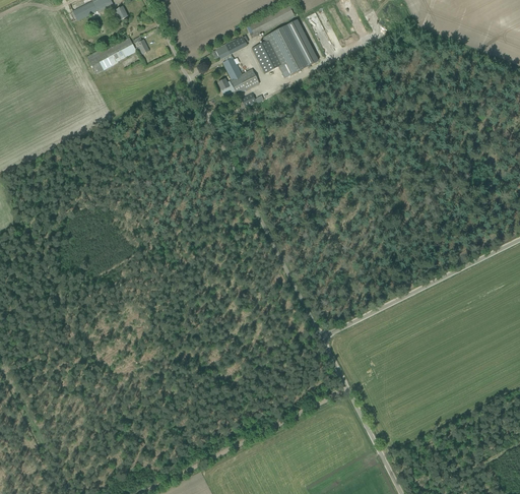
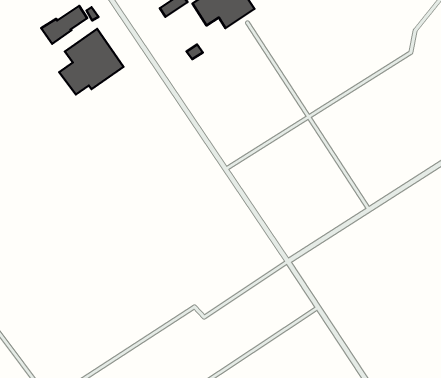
building: [218,56,259,92] -> none
building: none -> [59,29,124,94]

